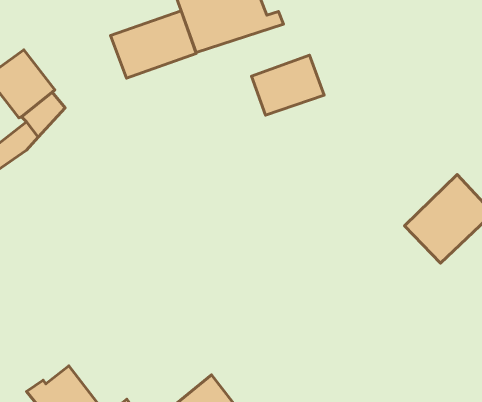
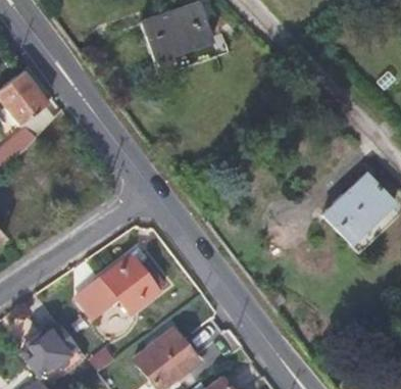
building: [110,11,196,78] -> none
building: [252,55,324,115] -> none
building: none -> [77,255,164,318]

